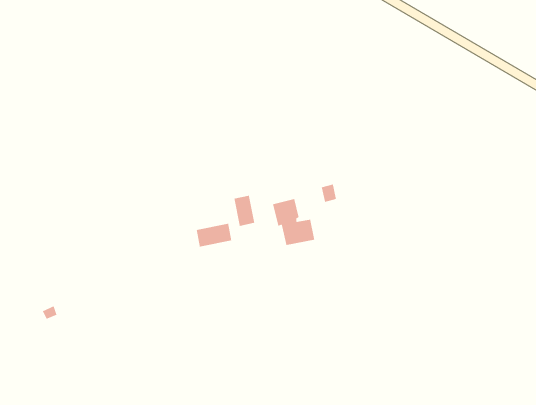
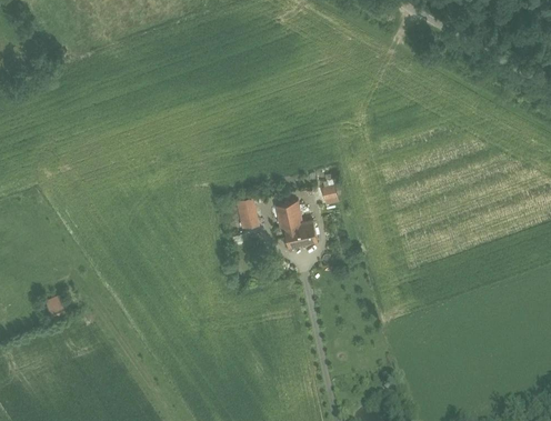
building: [196,223,232,247] -> none

